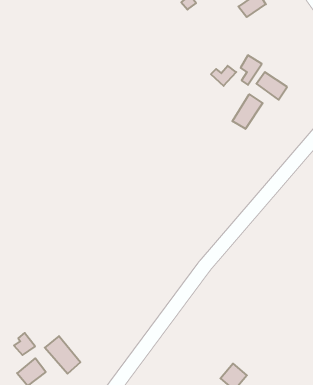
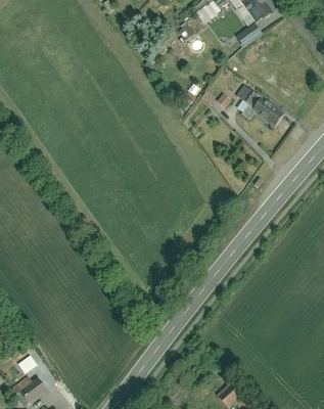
building: [232,94,263,129] -> none
building: [45,336,80,374] -> none

